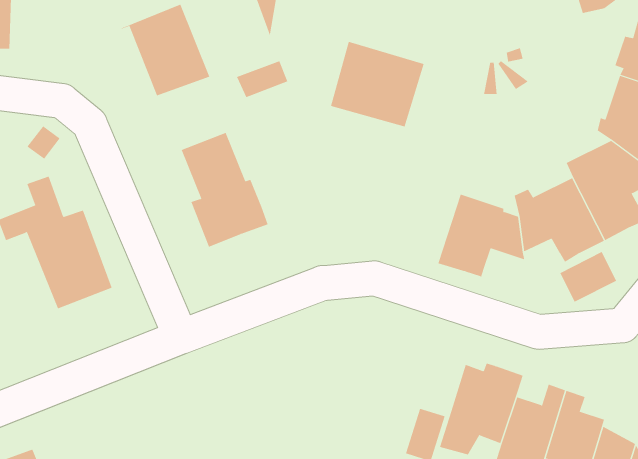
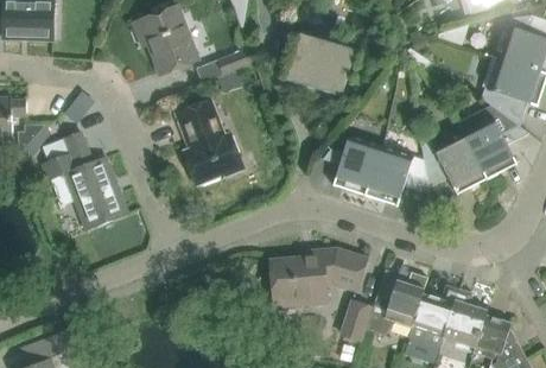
building: none -> [322,134,381,196]
building: [560,251,617,303] -> none
building: none -> [271,248,366,304]

